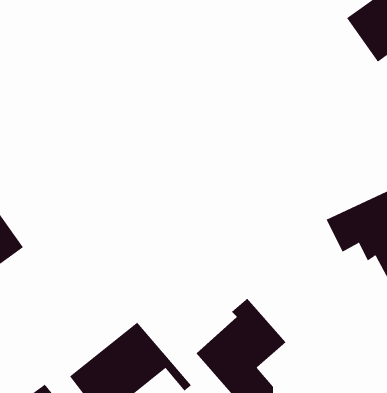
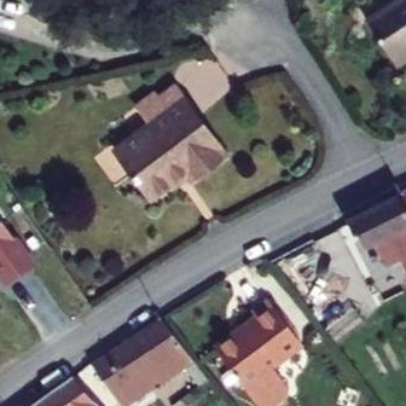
building: none -> [121,93,236,199]

